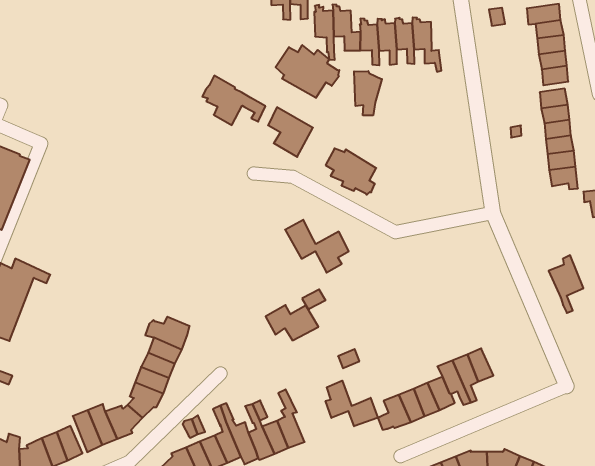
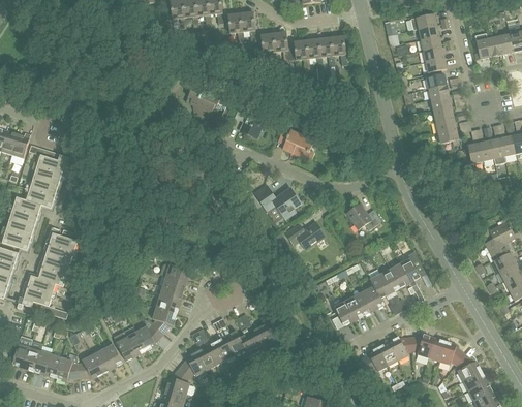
building: [276,45,339,98] -> none
building: [354,71,382,115] -> none
building: [549,255,583,313] -> [399,251,425,292]
building: none -> [345,204,381,230]
building: [266,305,318,340] -> [285,223,324,249]
building: [326,381,378,426] -> none

